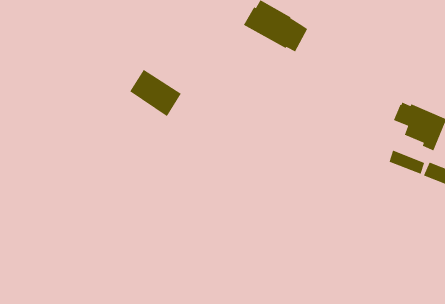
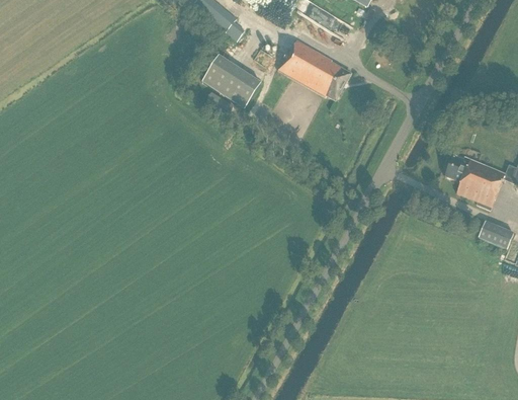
building: [129,69,182,117] -> [201,55,260,108]
building: [389,150,425,175] -> none

